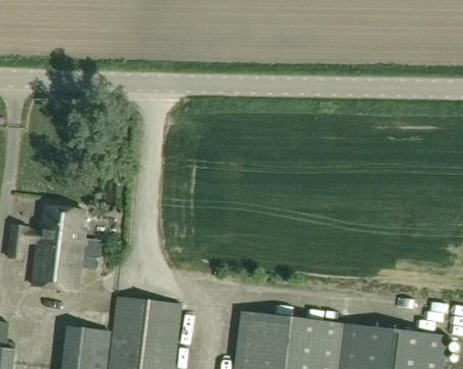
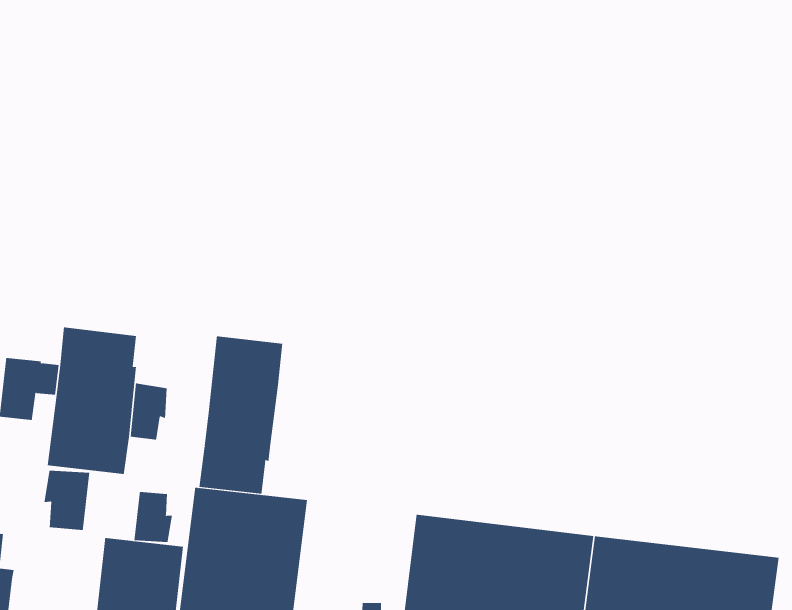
building: none -> [199,335,283,495]
building: none -> [44,470,90,531]
building: none -> [134,491,172,543]

